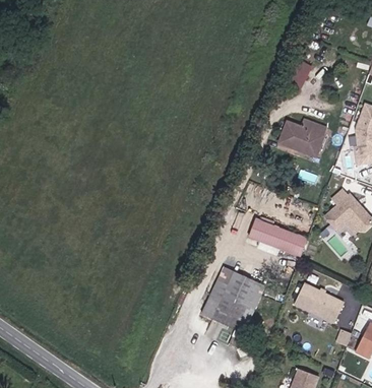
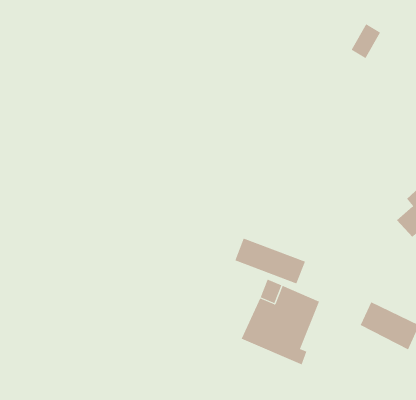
building: [273,121,321,156] -> none
building: [249,218,307,256] -> [234,238,306,284]

